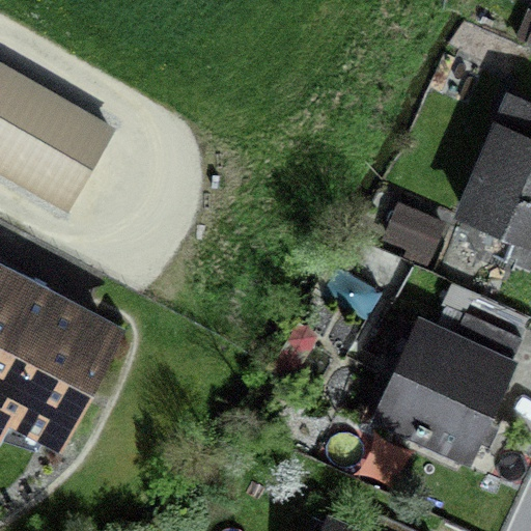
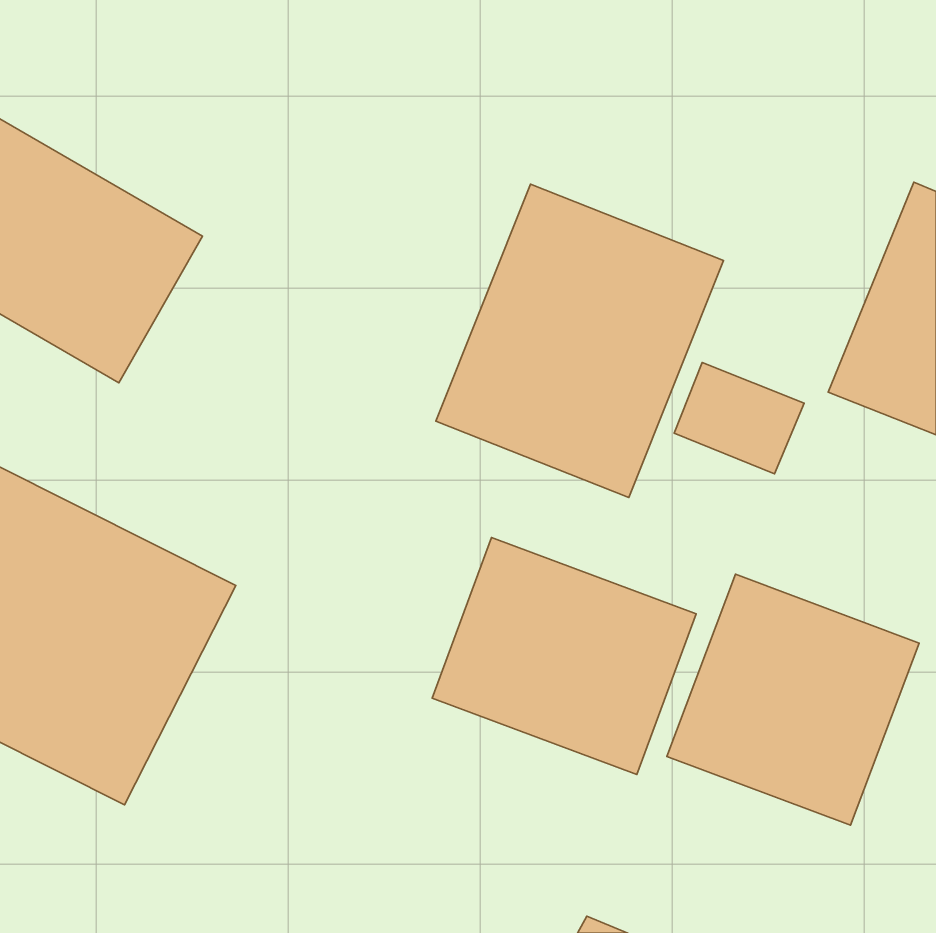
building: none -> [436,184,724,497]
building: none -> [432,537,696,775]

